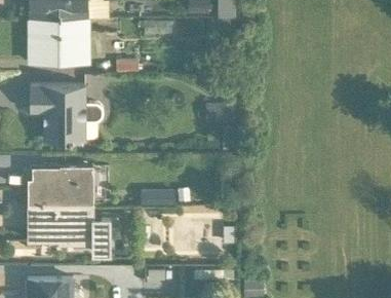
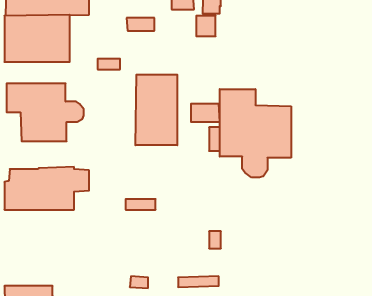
building: none -> [135,75,177,145]
building: none -> [220,89,291,177]
building: [26,207,122,255] -> none

